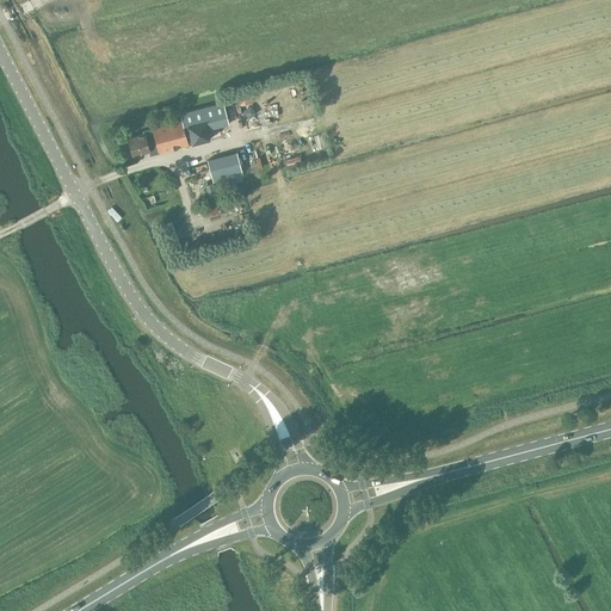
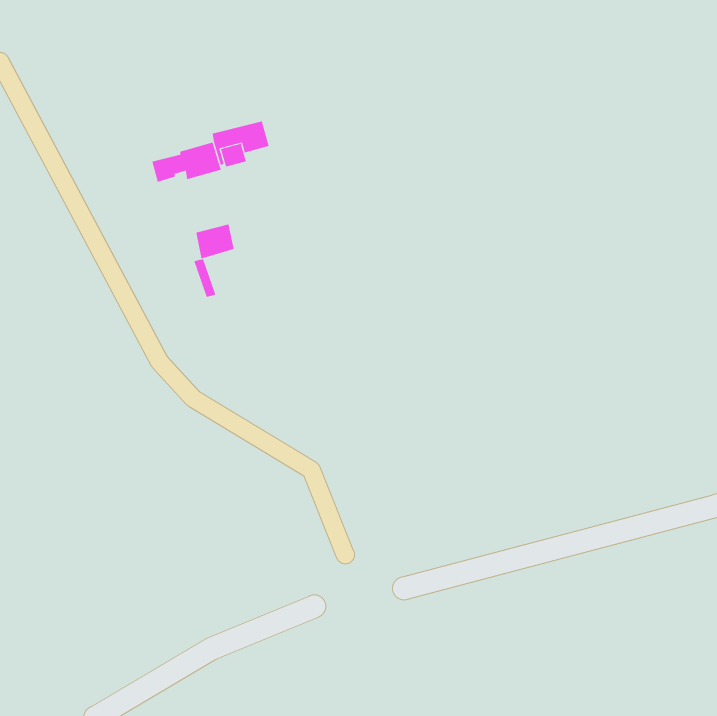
building: [209,158,242,187] -> [195,224,235,259]

